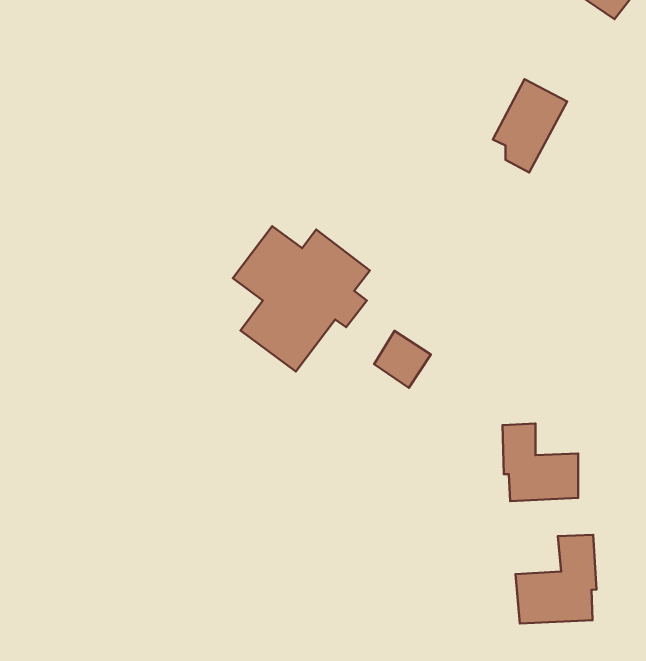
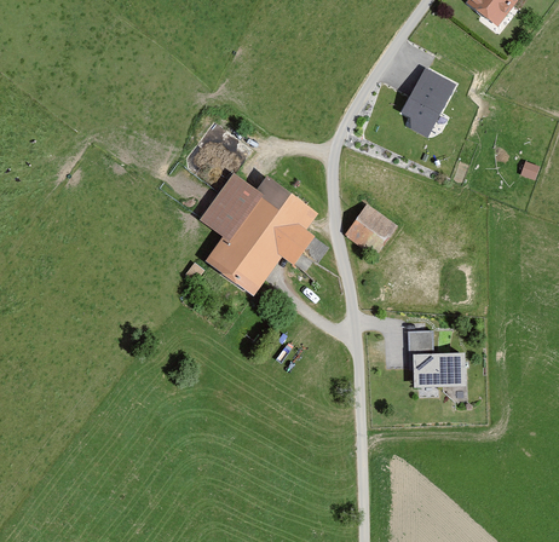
building: [374,331,431,388] -> [348,209,392,253]
building: [516,535,597,623] -> none

